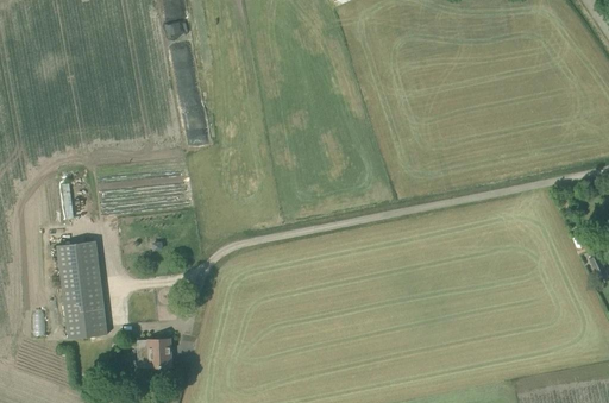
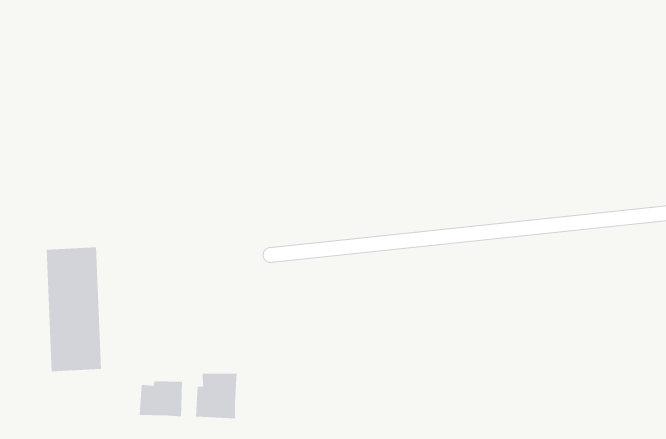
building: none -> [195,373,237,419]

